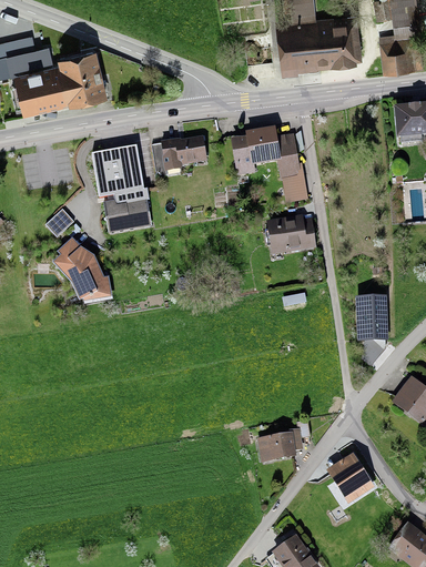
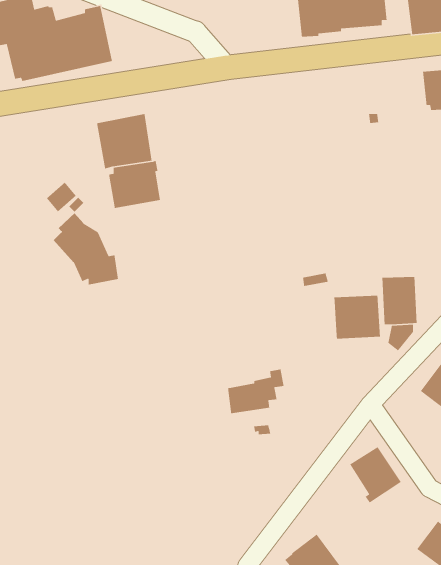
building: [230,125,307,202] -> none
building: [151,135,206,174] -> none
building: [266,214,315,253] -> none
building: none -> [334,295,381,339]
building: [256,419,310,462] -> [227,369,285,414]

